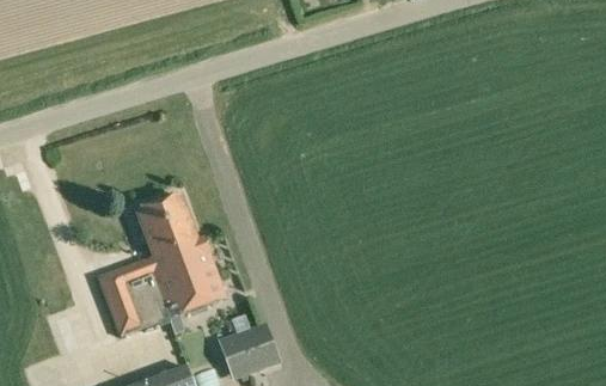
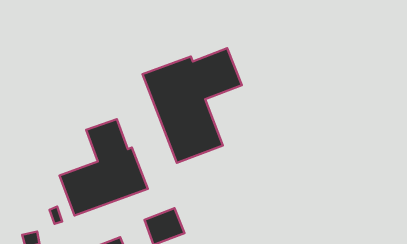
building: none -> [143,48,242,163]

